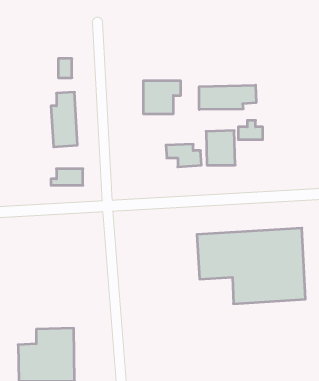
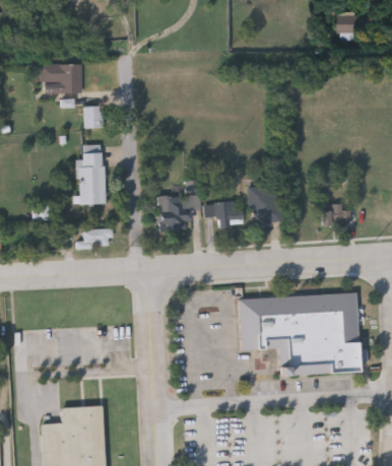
building: none -> [41,63,83,91]
building: [143,81,181,114] -> [158,194,200,230]
building: [199,85,256,110] -> none
building: [238,120,263,140] -> [323,203,350,224]

